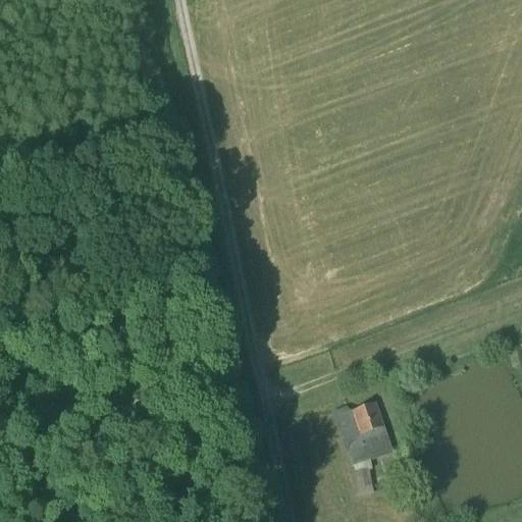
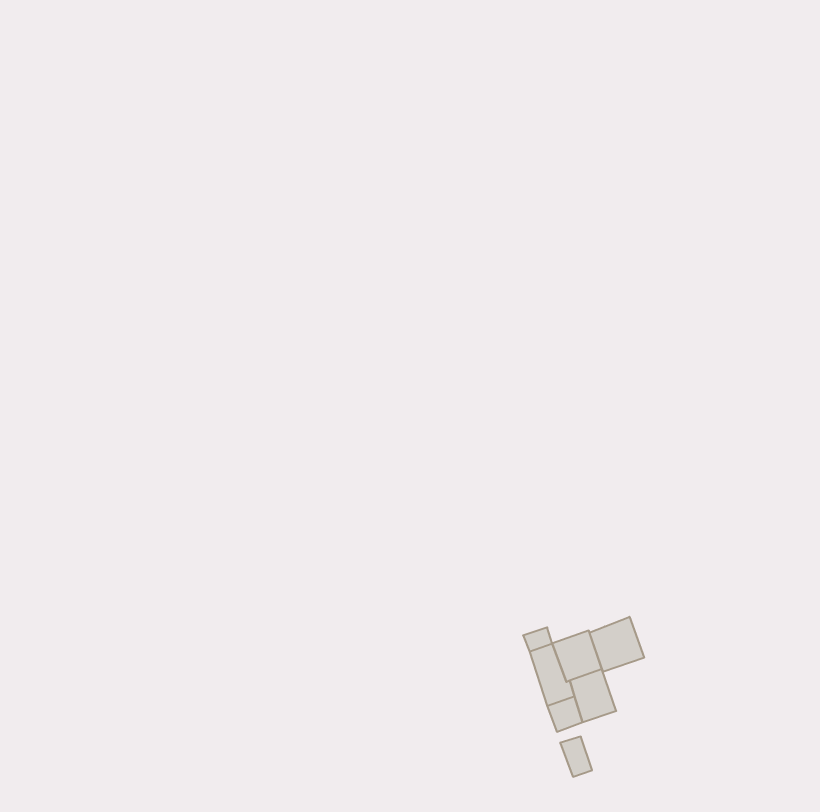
building: none -> [590,617,644,672]

